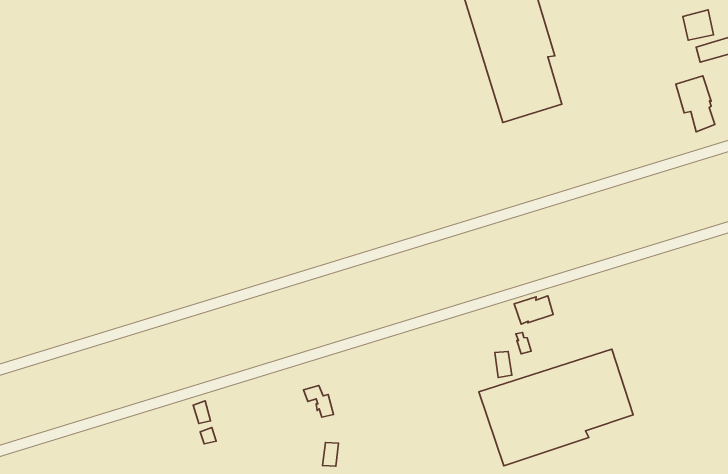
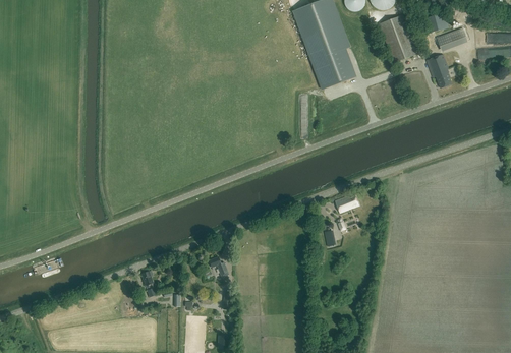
building: none -> [378,14,416,63]
building: [479,349,633,466] -> none

